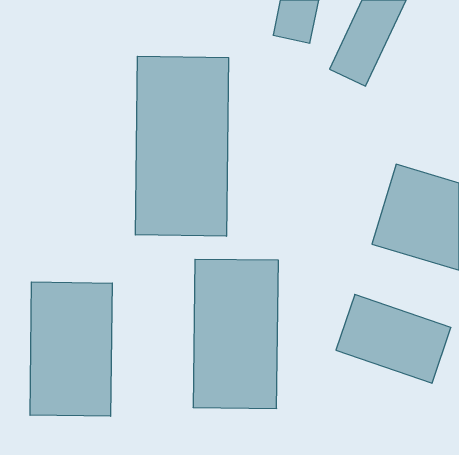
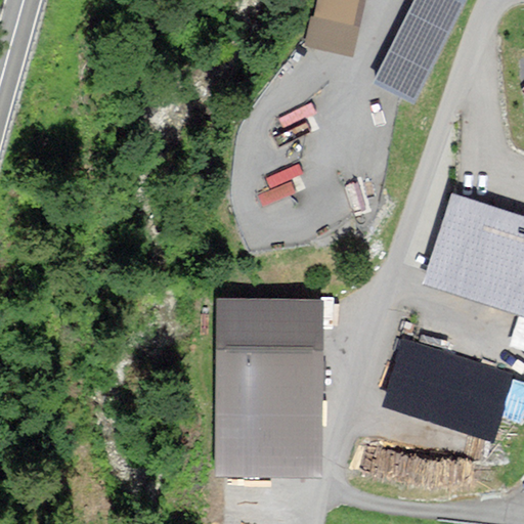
building: [135,56,229,236] -> none
building: [30,282,112,416] -> none

